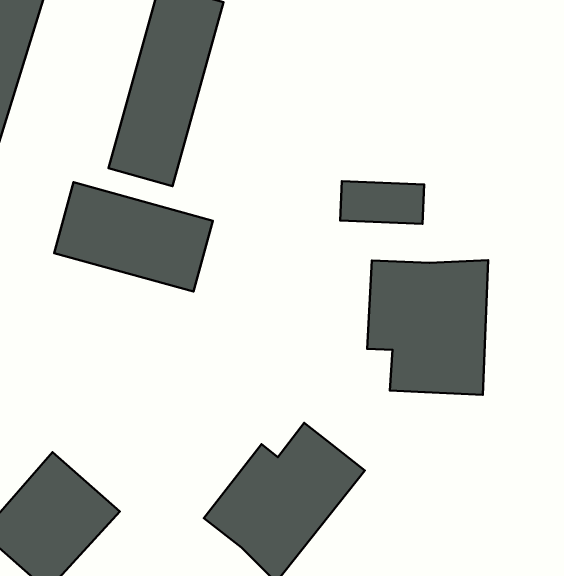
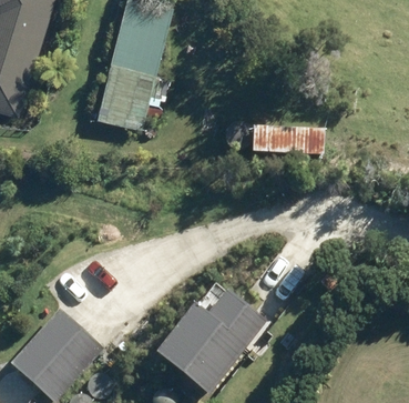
building: [54,182,213,292] -> none
building: [367,260,488,395] -> none

